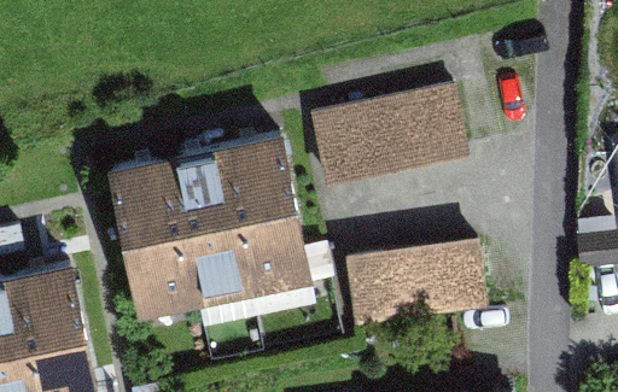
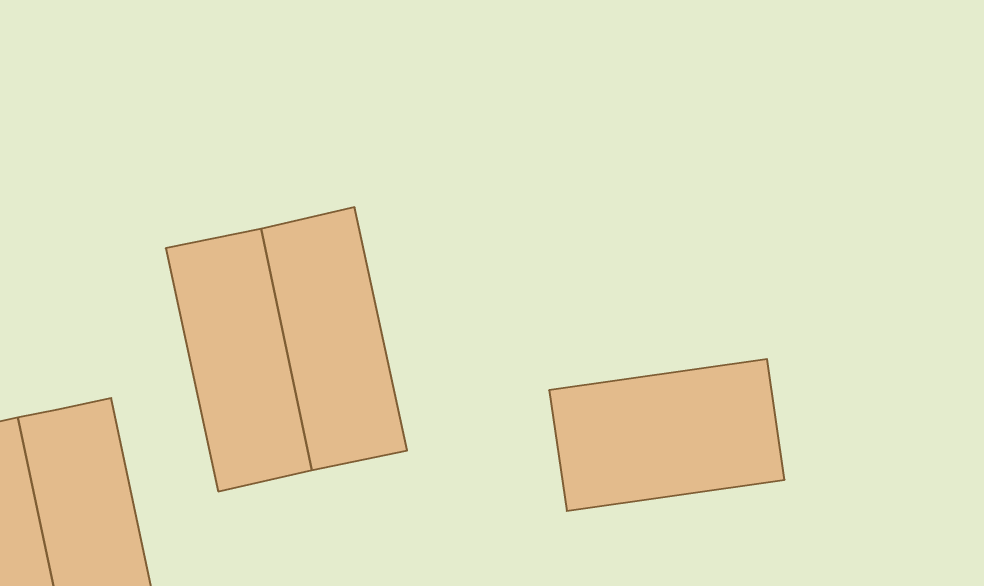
building: [308,88,467,189] -> none
building: [221,134,311,297] -> none

